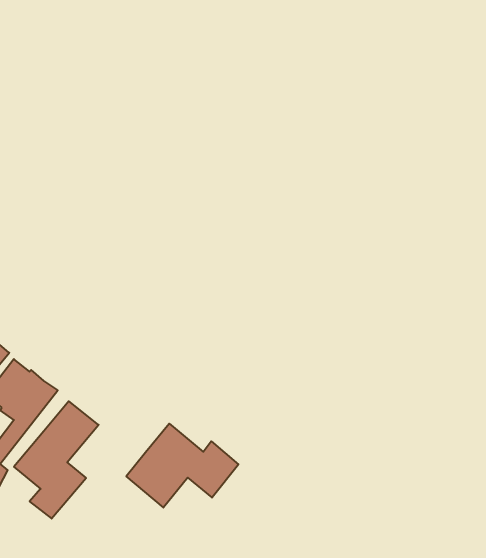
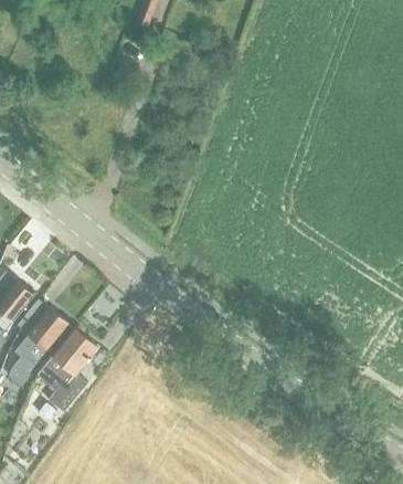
building: [126,424,238,508] -> none

